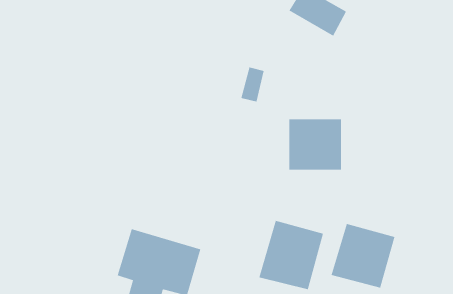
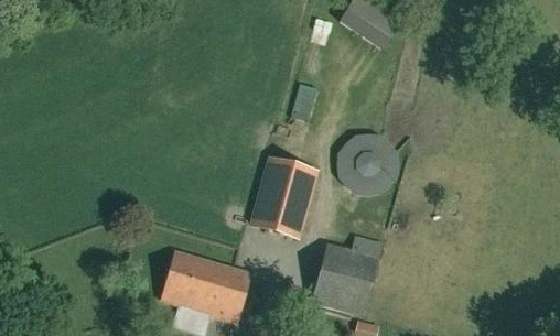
building: none -> [252,158,316,237]
building: [331,223,395,289] -> none

